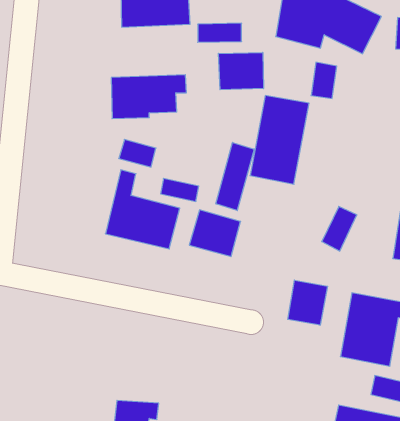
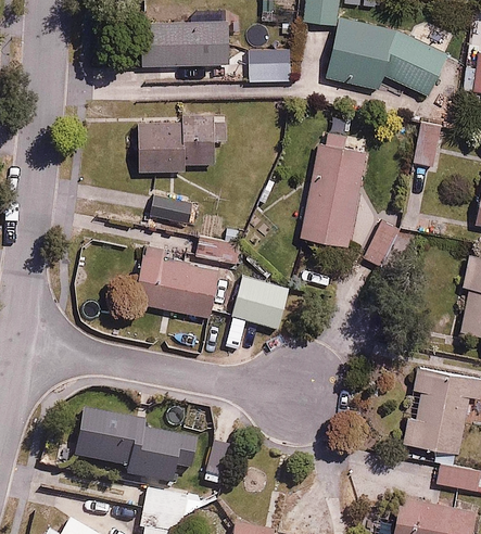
building: [218,52,263,90] -> none
building: [311,62,337,98] -> [408,124,438,165]
building: [216,142,254,211] -> none
building: [322,206,357,251] -> [362,216,402,267]
building: [288,280,328,325] -> none
building: none -> [87,414,180,484]

